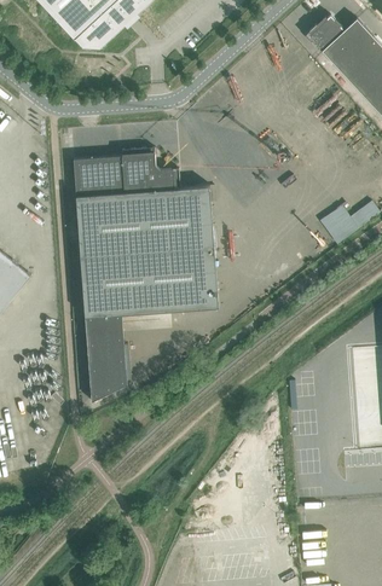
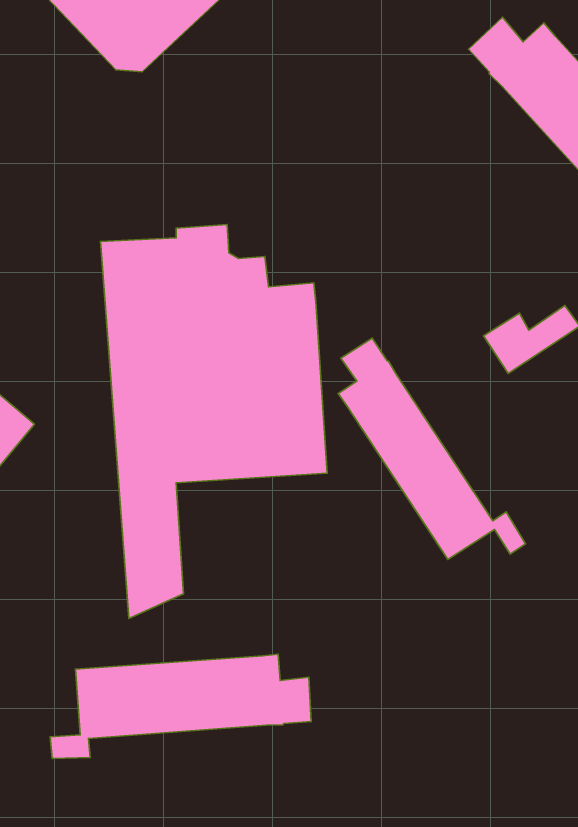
building: none -> [338,338,525,560]
building: none -> [50,654,311,758]

